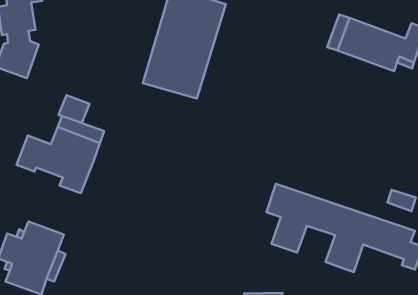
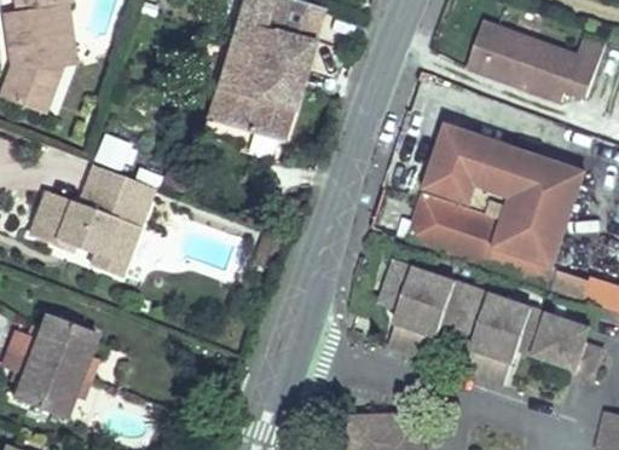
building: none -> [407,121,585,284]

